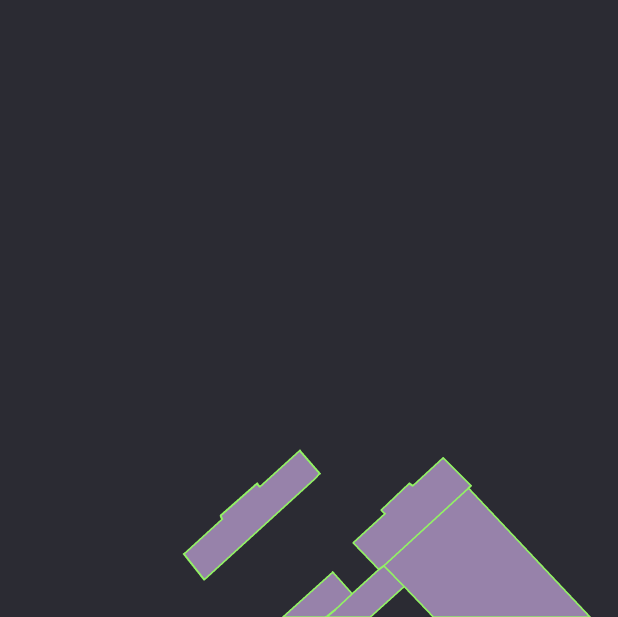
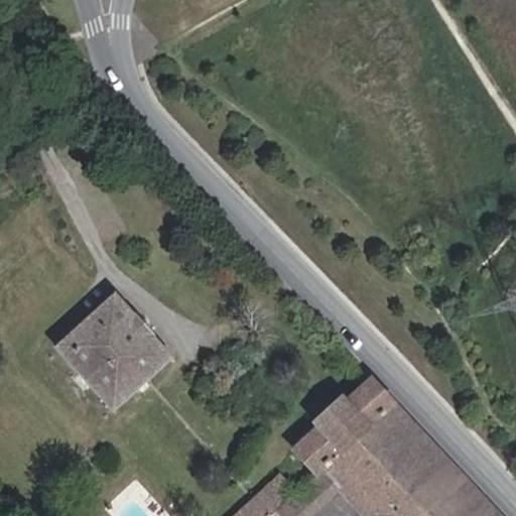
building: none -> [54,293,168,408]
building: [184,450,320,580] -> none

